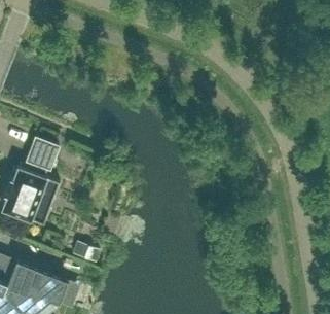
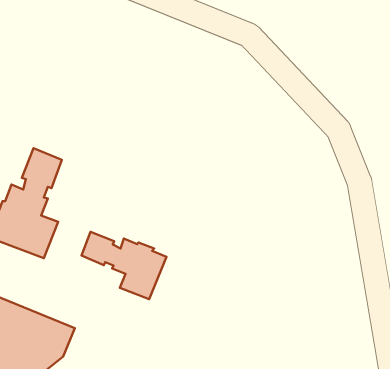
building: none -> [81,232,166,299]

